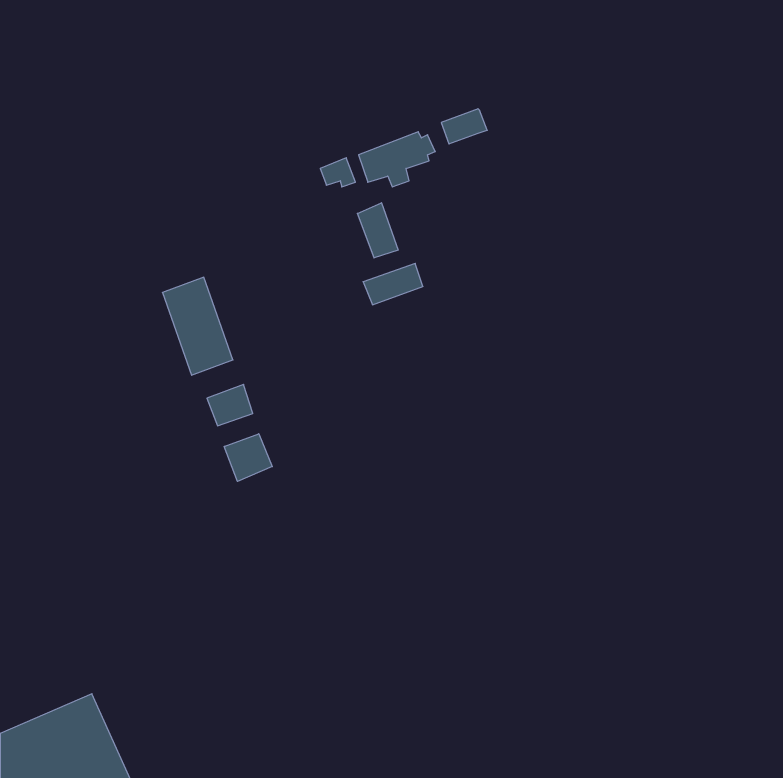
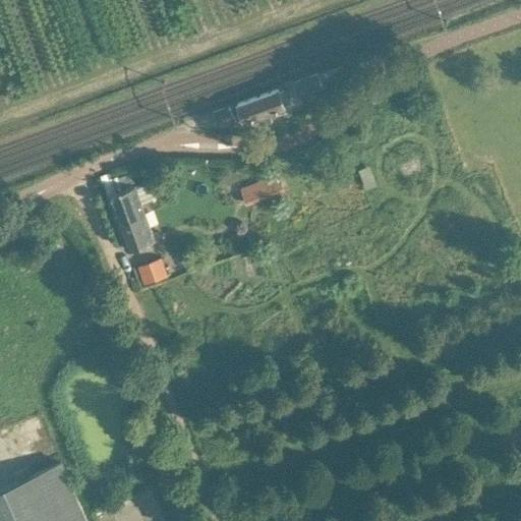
building: [357,203,398,258] -> none
building: [224,434,272,481] -> none

